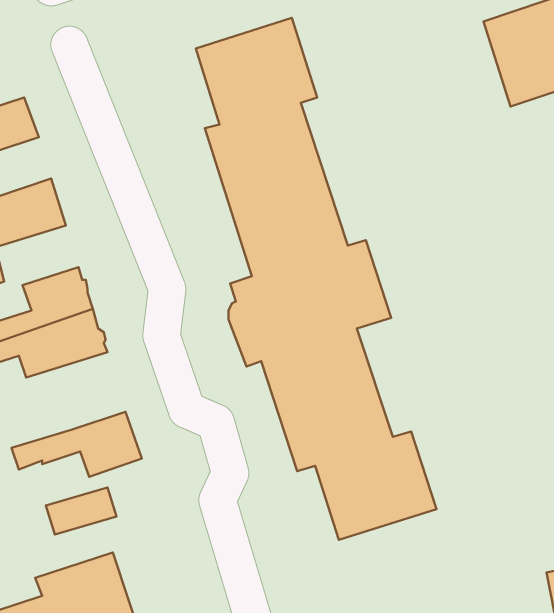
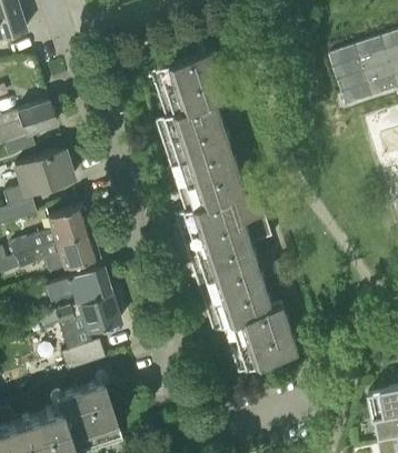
building: none -> [44,264,110,303]

